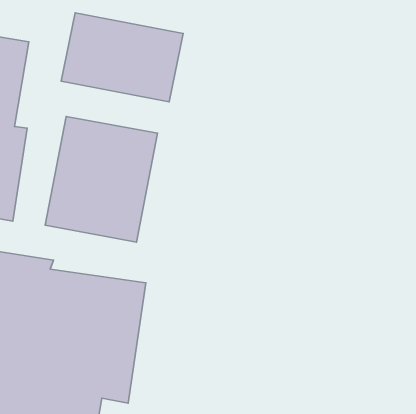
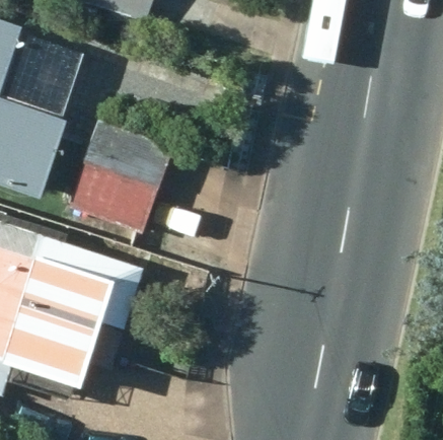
building: [61,13,183,102] -> none

